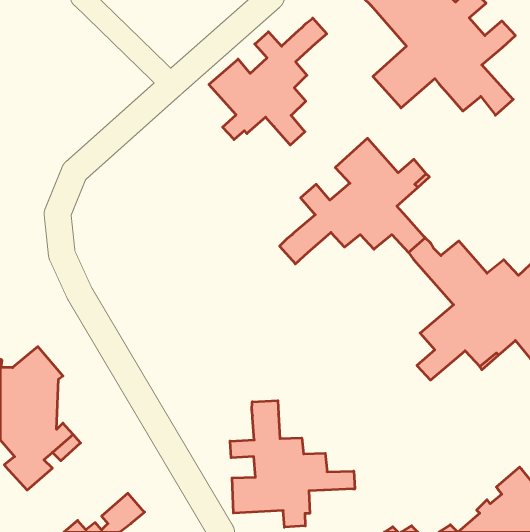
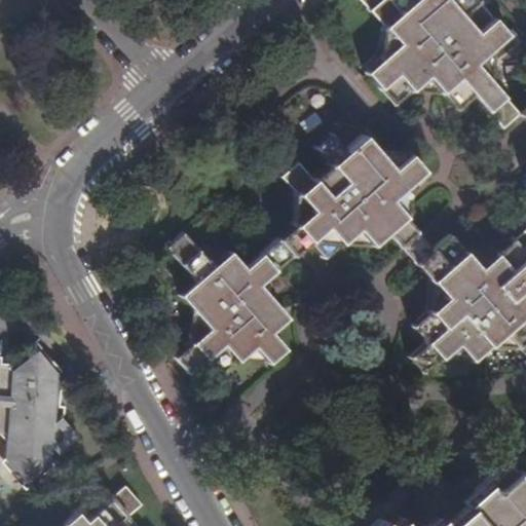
building: [209,18,327,145] -> none
building: none -> [174,236,295,377]
building: [230,401,355,527] -> none

